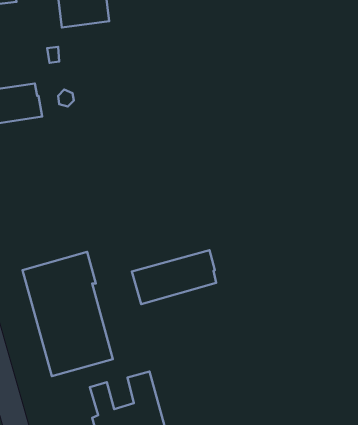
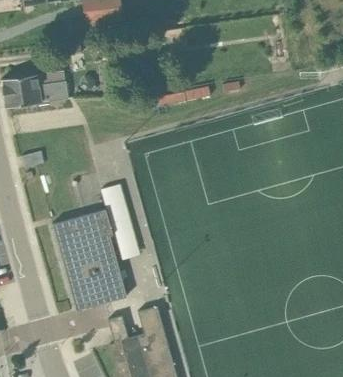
building: [132,250,216,304] -> none

